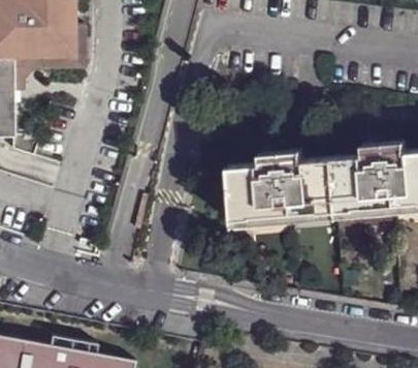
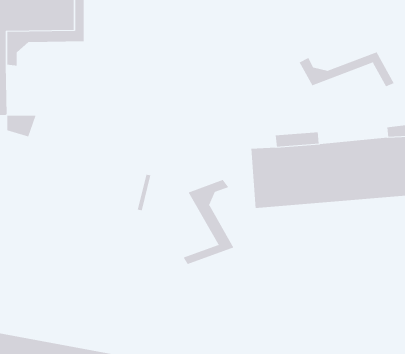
building: none -> [299,52,395,87]
building: none -> [183,179,234,265]

